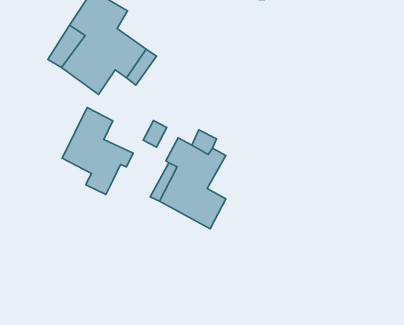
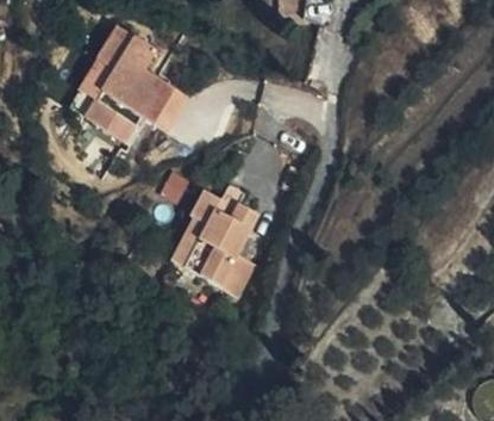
building: [62,107,133,195] -> none

